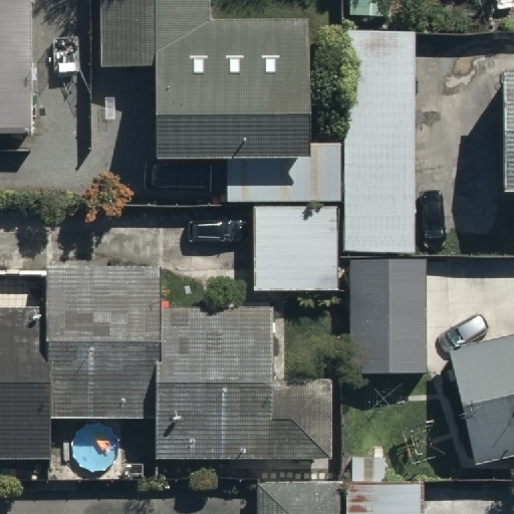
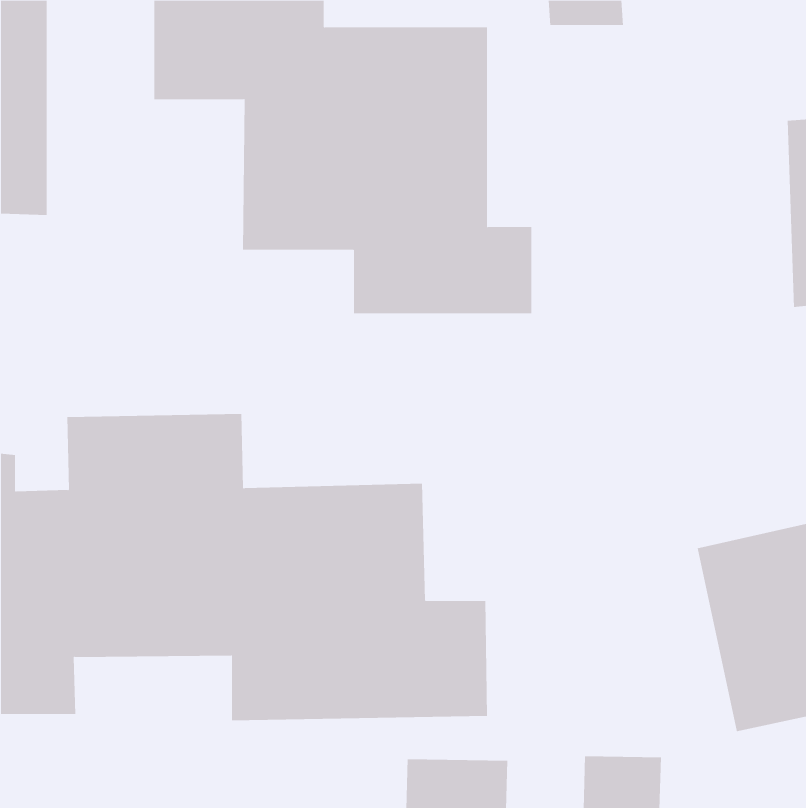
building: [344,28,416,252] -> none
building: [250,207,337,292] -> none
building: [346,260,428,374] -> none

